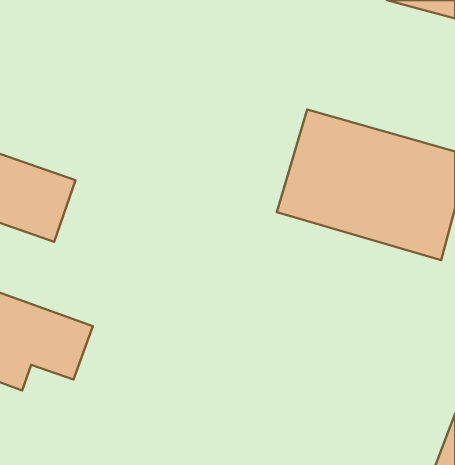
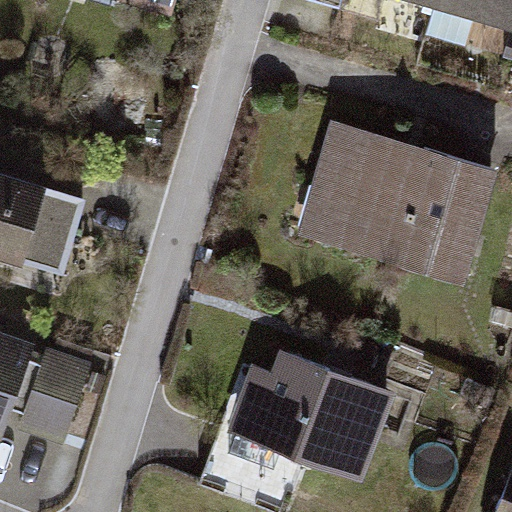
building: none -> [228,348,405,490]

